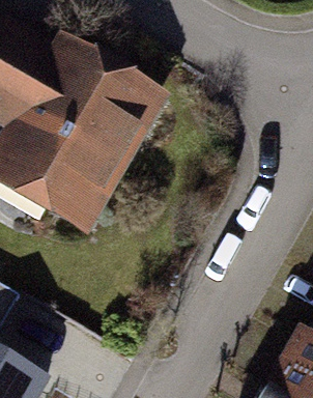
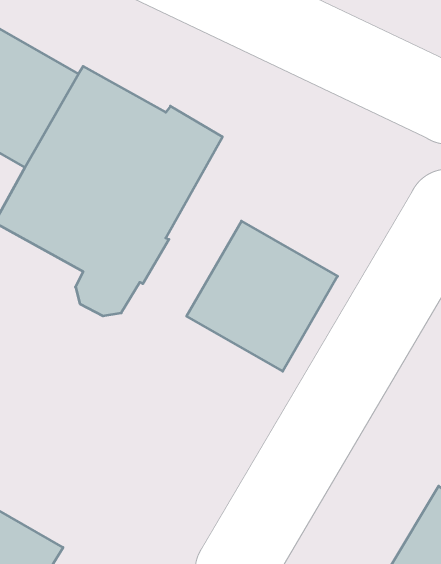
building: none -> [187,221,338,371]

